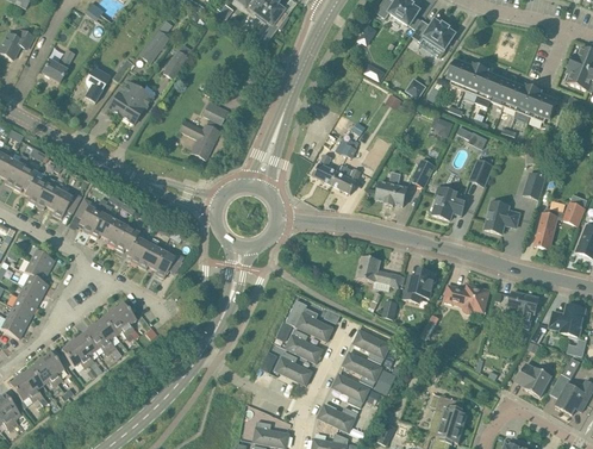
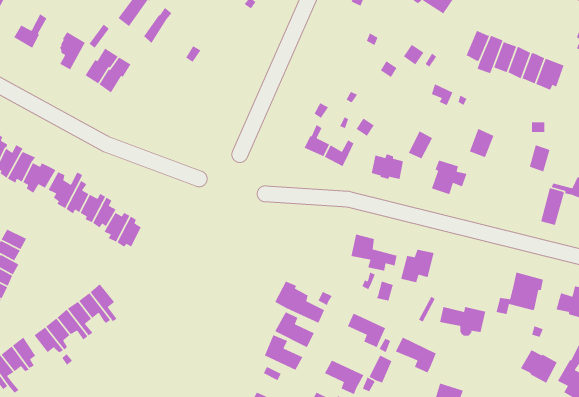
building: [449,57,475,89] -> none
building: [179,101,227,158] -> none
building: [485,200,519,232] -> none
building: [152,249,183,277] -> none
building: [444,285,488,313] -> [439,306,486,337]
building: [343,350,382,385] -> [395,337,437,374]

